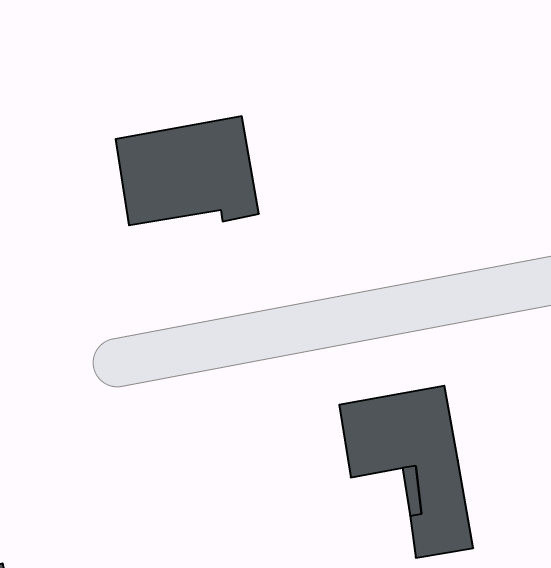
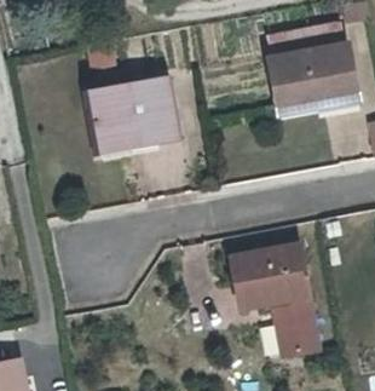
building: none -> [269,23,358,111]

